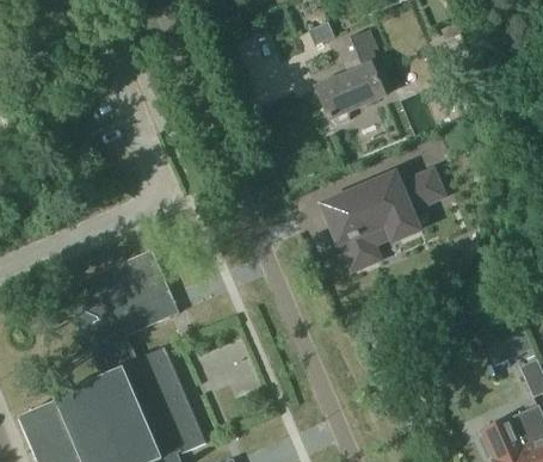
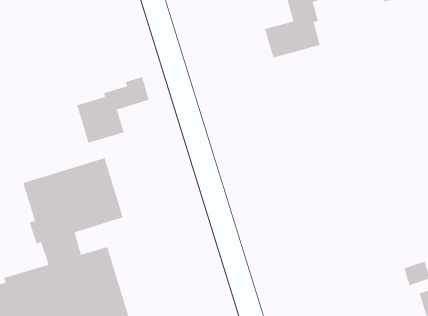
building: none -> [76,76,149,143]
building: [325,166,446,266] -> none

